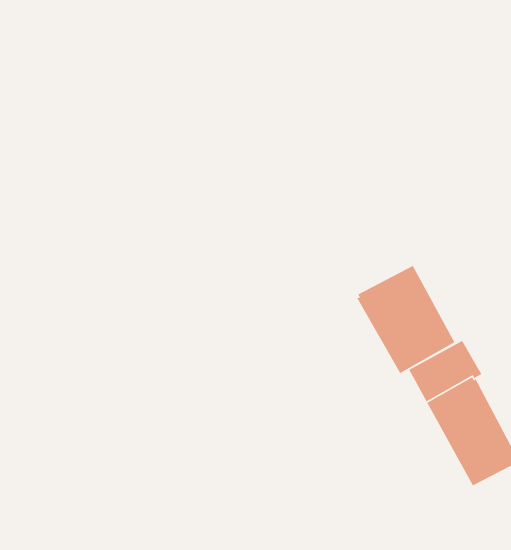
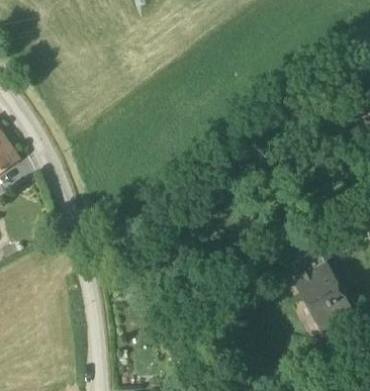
building: [356,265,455,374] -> none

